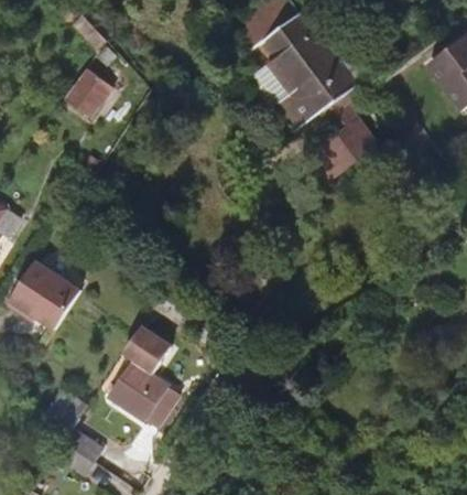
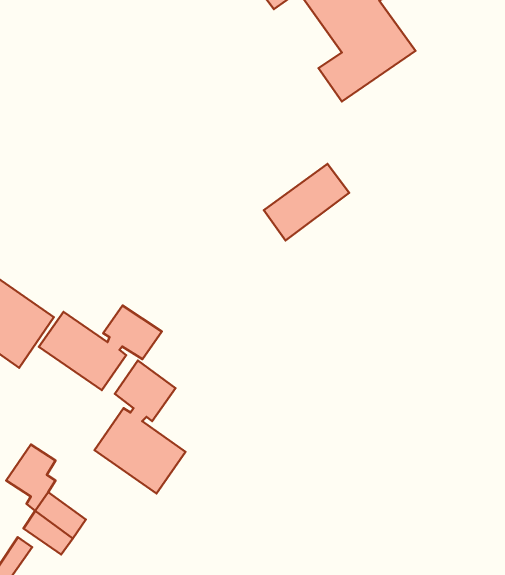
building: [65,71,109,116] -> none
building: [315,114,380,172] -> [264,164,349,241]
building: none -> [39,305,162,390]

